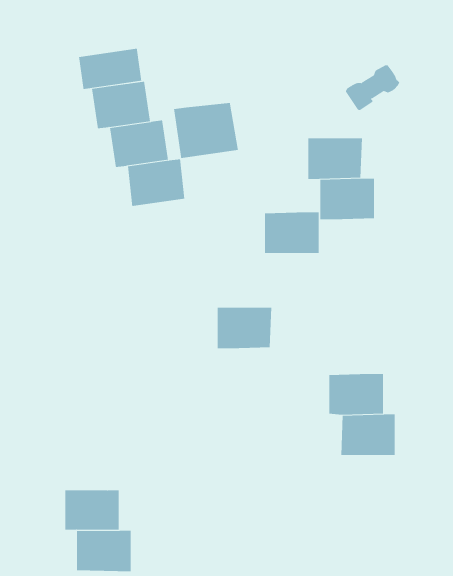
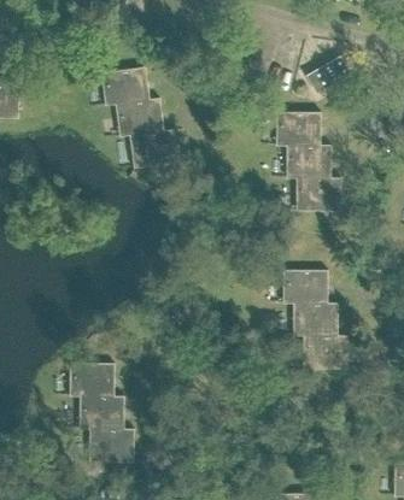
building: [79,48,142,90] -> none
building: [174,102,239,159] -> none
building: [264,212,320,253] -> [295,177,340,211]
building: [217,307,272,349] -> [283,270,328,304]
building: none -> [70,363,115,396]

